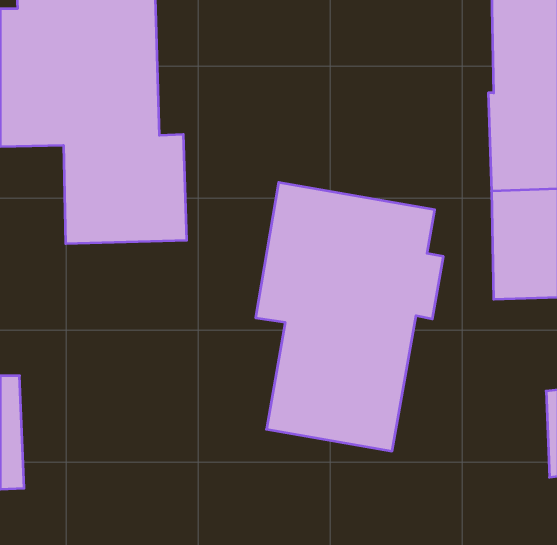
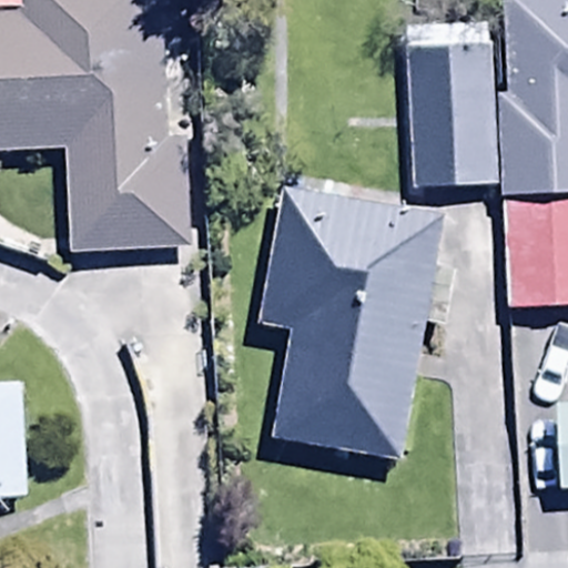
building: none -> [404,39,494,187]

